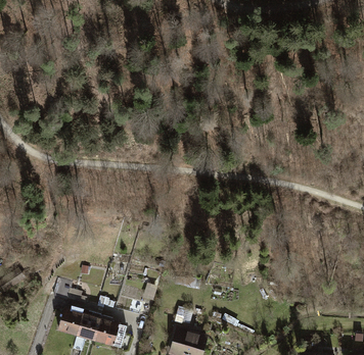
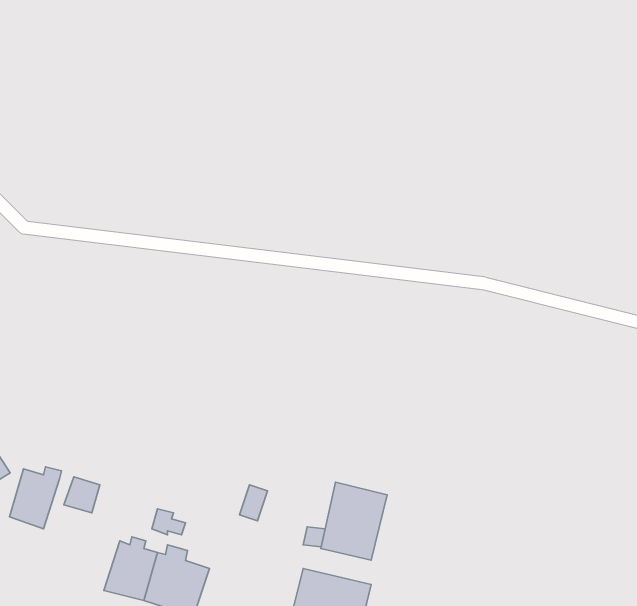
building: none -> [321,482,387,560]
building: [55,306,82,338] -> [10,467,61,529]

